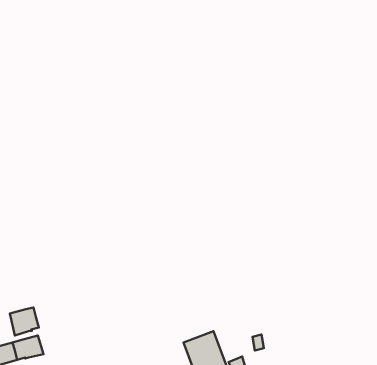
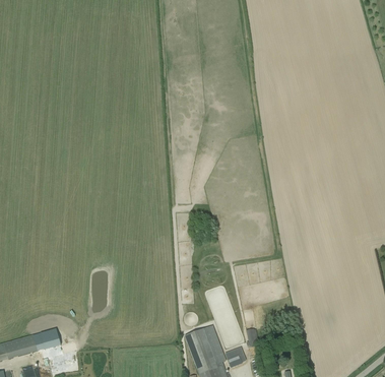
building: [10,307,39,336] -> none

